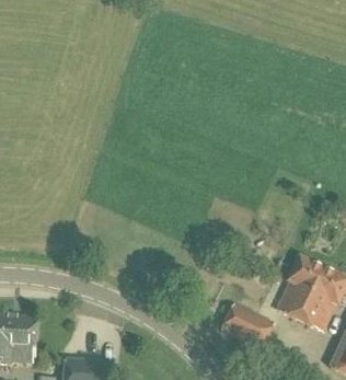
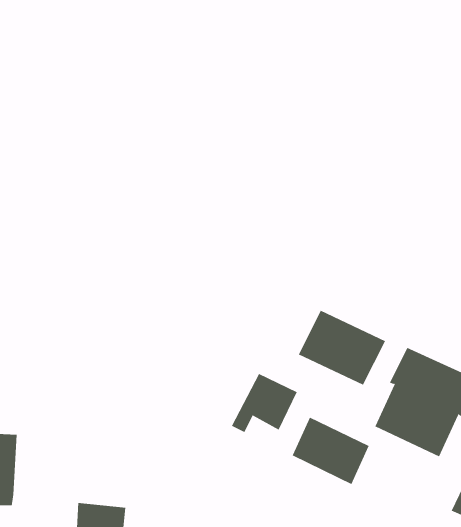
building: none -> [298,310,386,386]
building: none -> [231,373,297,433]

